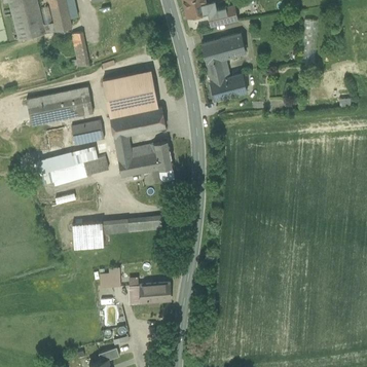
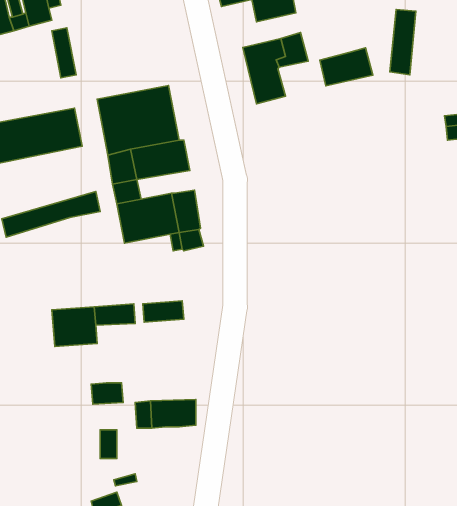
building: [211,75,247,101] -> [320,48,373,86]
building: [71,120,104,144] -> none
building: [41,156,108,184] -> none

